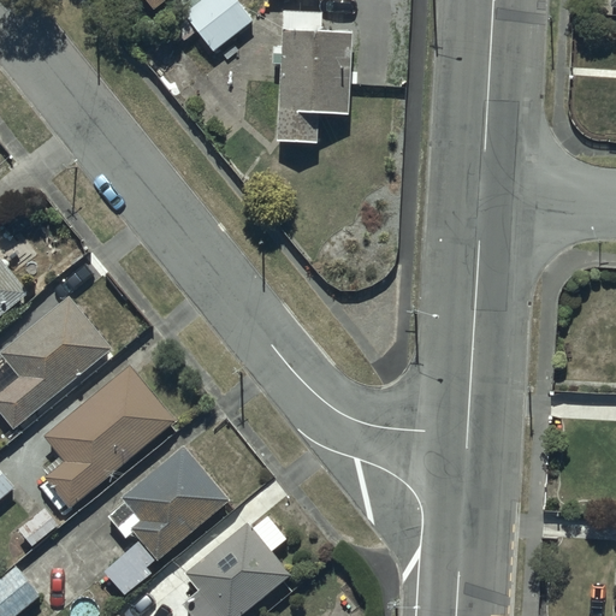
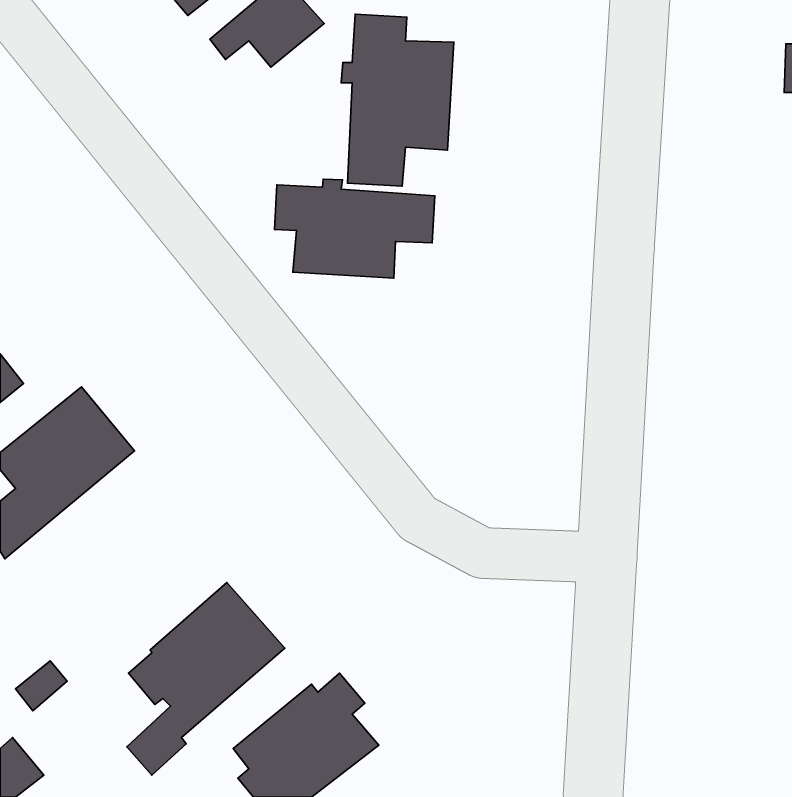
building: none -> [274,179,435,278]
building: [41,367,173,508] -> none

